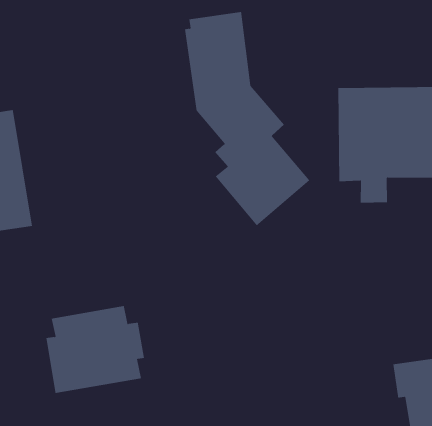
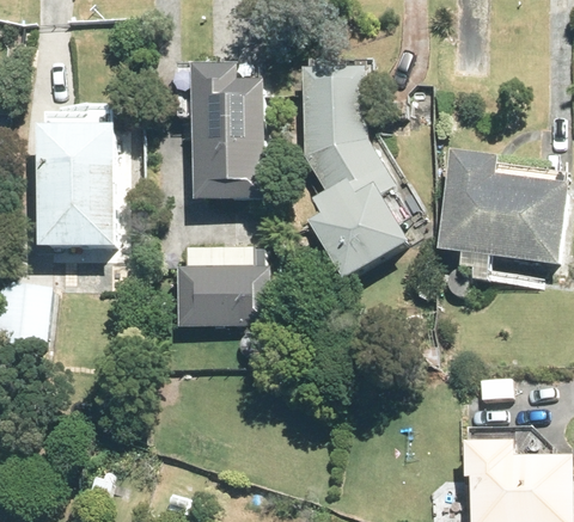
building: none -> [185,56,264,196]
building: [46,306,145,393] -> [171,242,270,323]

